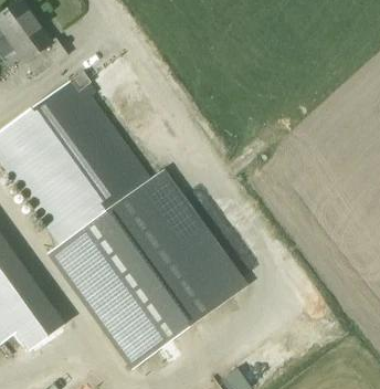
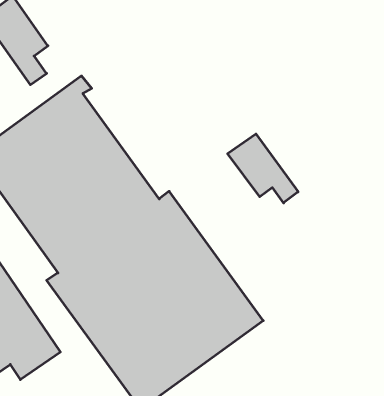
building: none -> [228,134,298,203]

